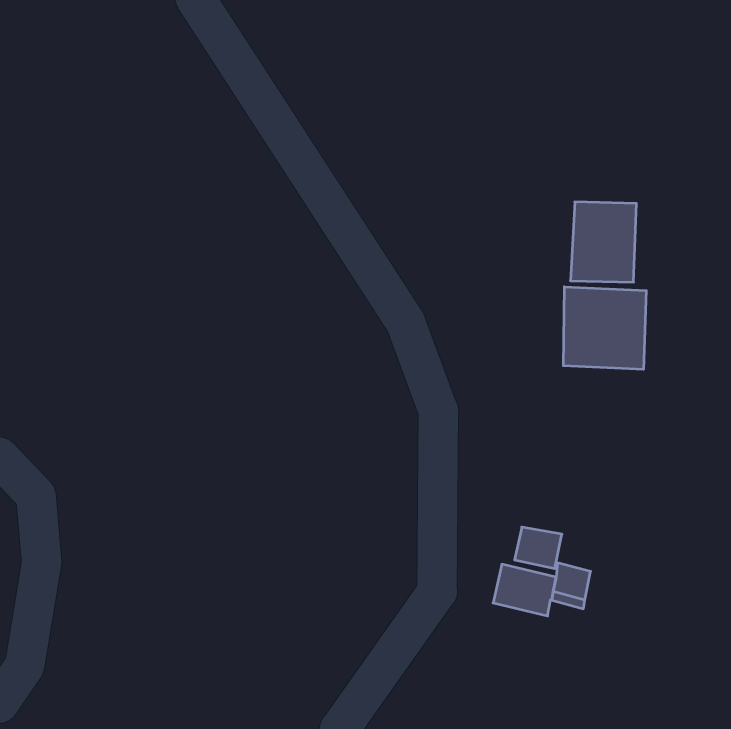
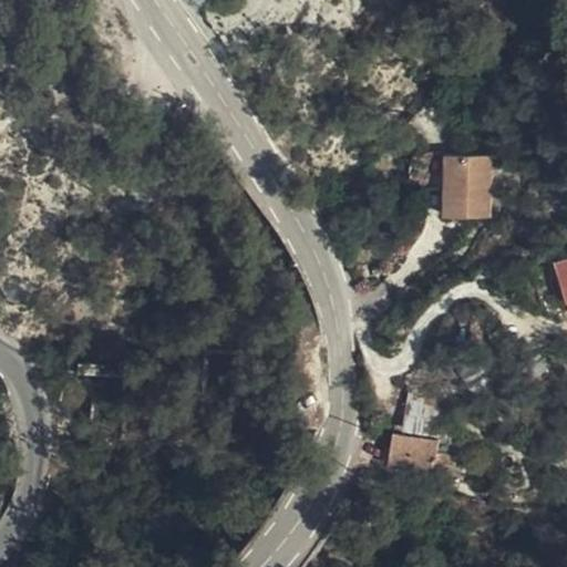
building: [563,287,646,369] -> none

